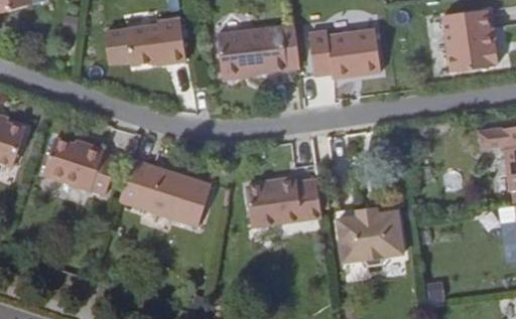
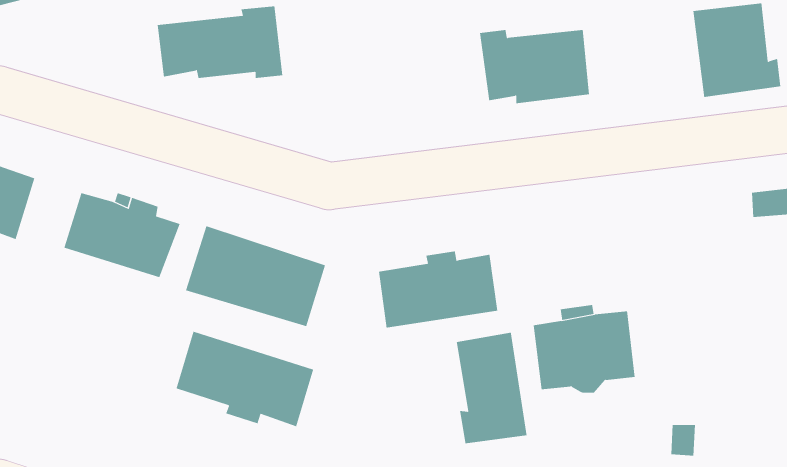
building: [213,25,297,76] -> none
building: none -> [176,331,314,427]
building: none -> [456,332,527,444]

